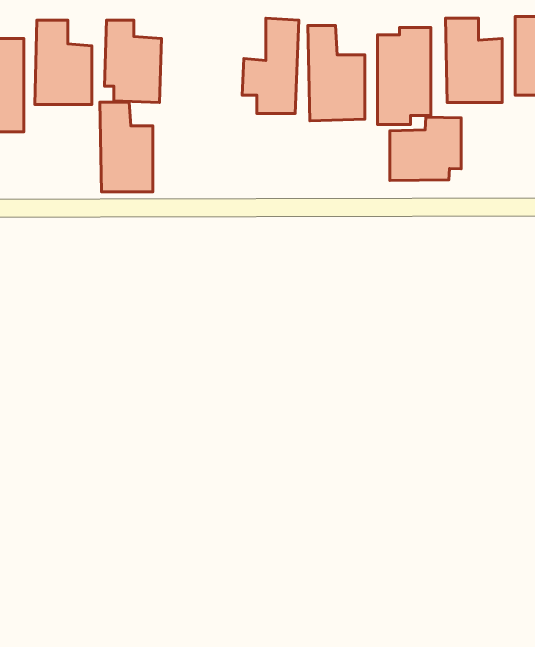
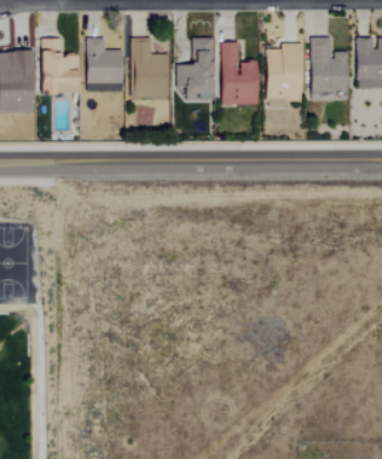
building: [100,102,153,192] -> [132,39,167,98]
building: [390,117,461,180] -> none

